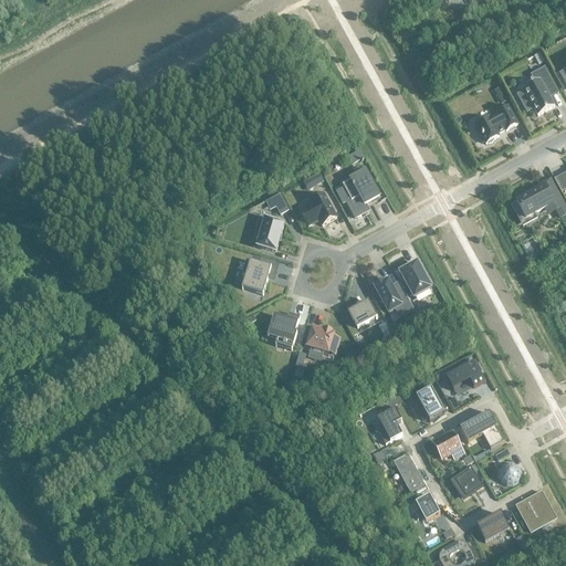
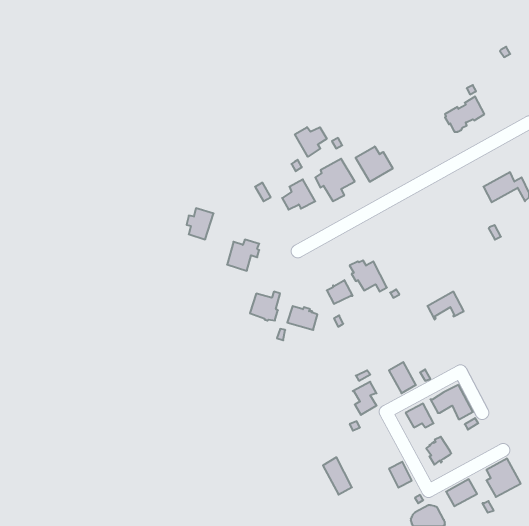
building: [521,64,557,113] -> none
building: none -> [295,127,327,157]
building: none -> [356,146,393,182]
building: [254,216,283,249] -> [187,208,214,239]
building: [399,260,429,294] -> none
building: [444,358,483,388] -> [427,292,464,320]
building: [392,451,423,491] -> [323,457,352,495]
building: [497,460,521,483] -> none

